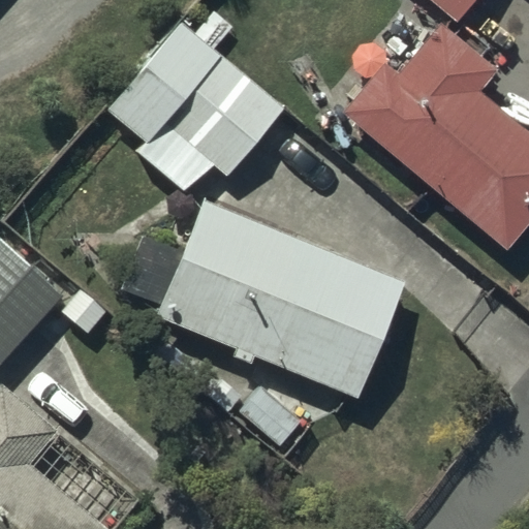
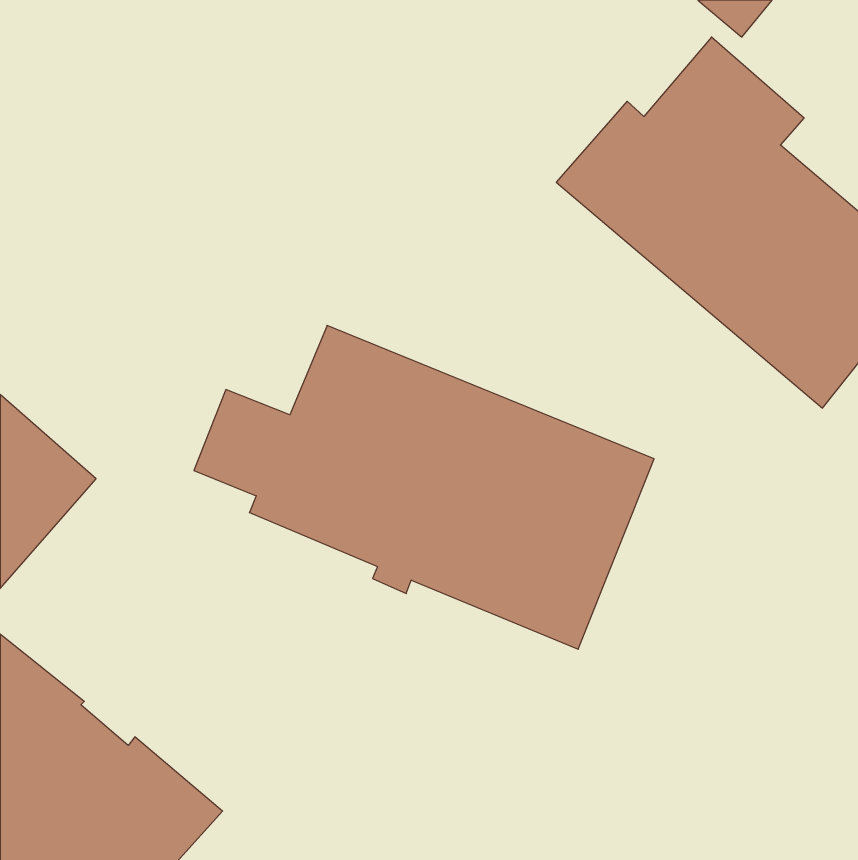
building: [107,23,285,192] -> none

